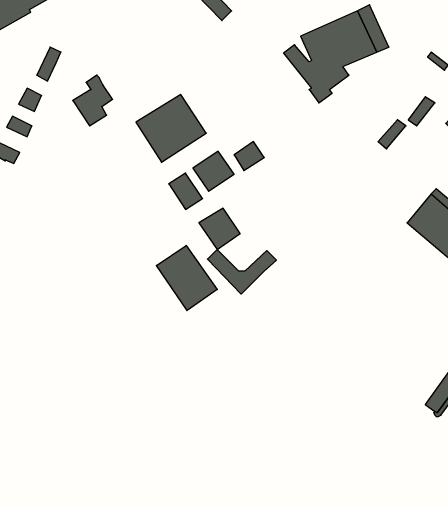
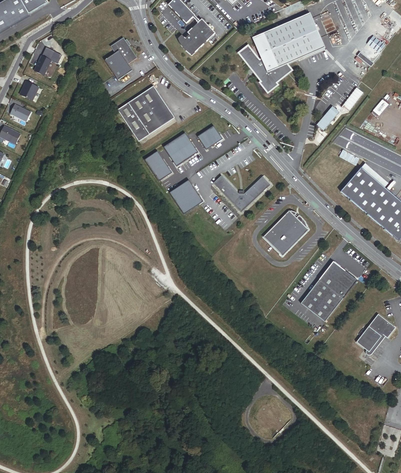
building: none -> [178,18,215,54]
building: [73,75,113,126] -> [104,36,137,78]
building: none -> [263,209,309,254]
building: [156,245,217,311] -> none
building: [207,249,276,294] -> [213,174,270,211]
building: none -> [300,259,357,320]

